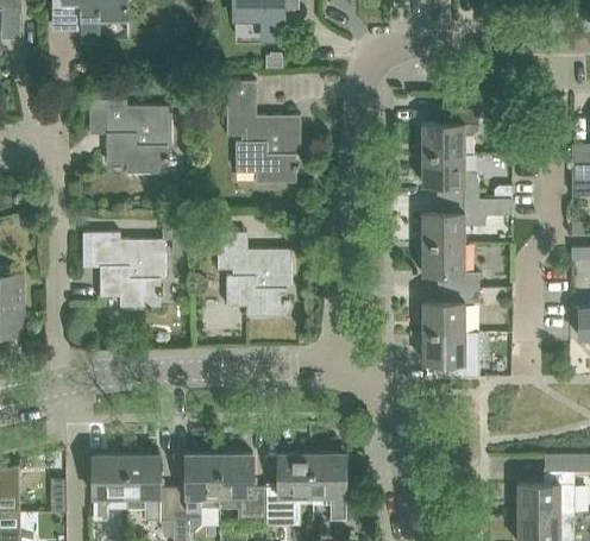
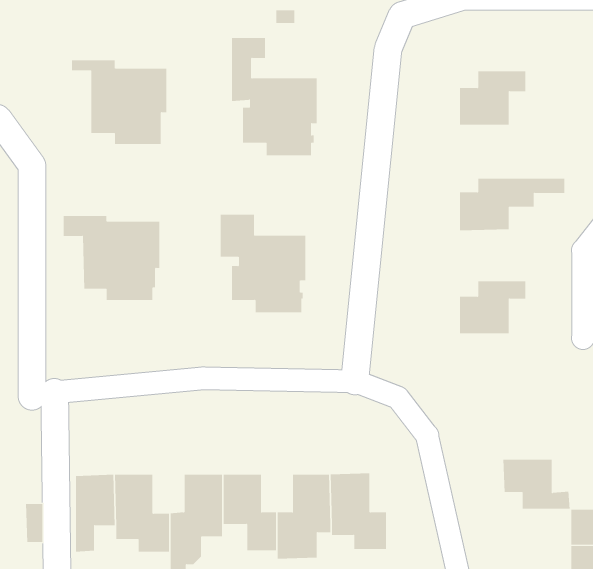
building: [421,156,511,201] -> none
building: [421,245,490,289] -> none
building: [421,334,479,377] -> [502,459,571,509]

